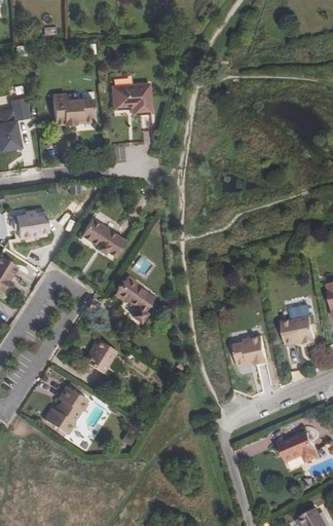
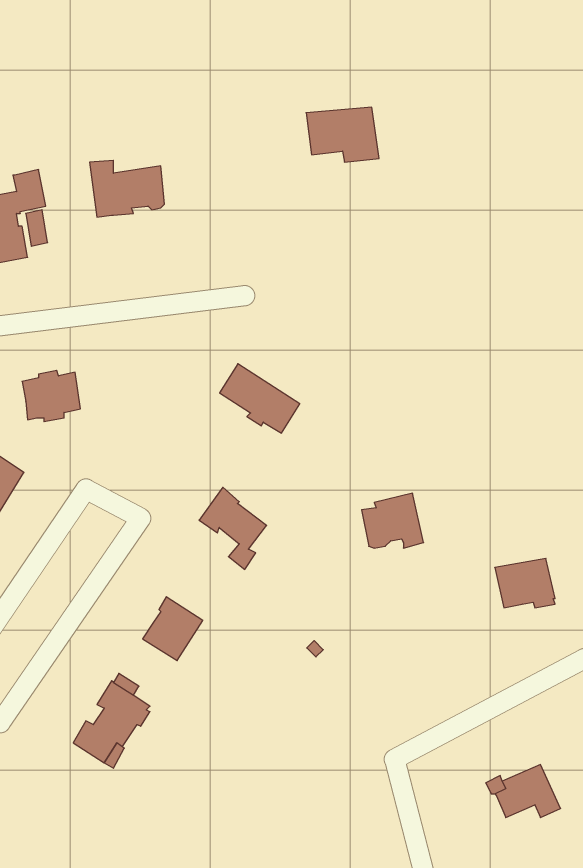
building: [113,85,154,116] -> [306,107,379,162]
building: [80,218,125,257] -> [220,364,300,433]
building: [233,334,268,365] -> [362,493,424,548]

